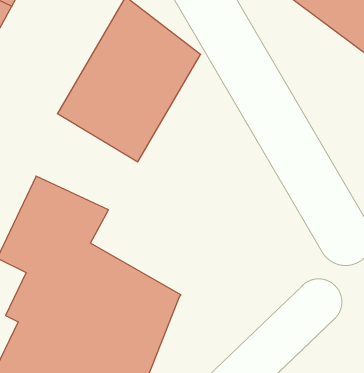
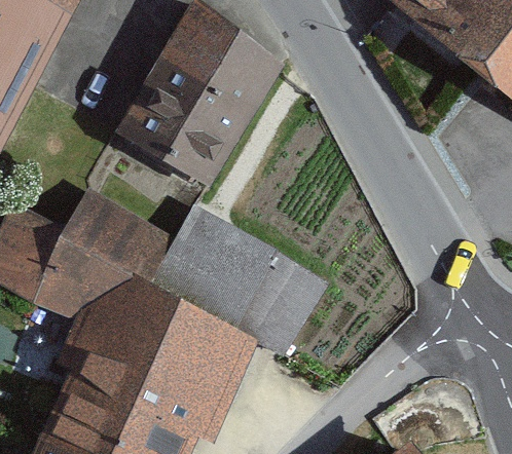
building: none -> [153,204,325,358]

